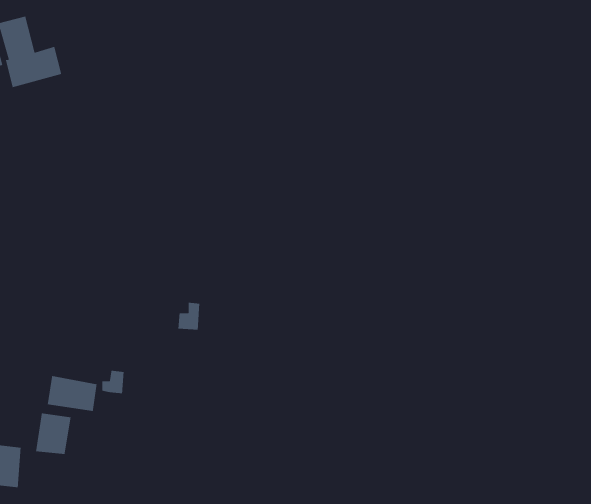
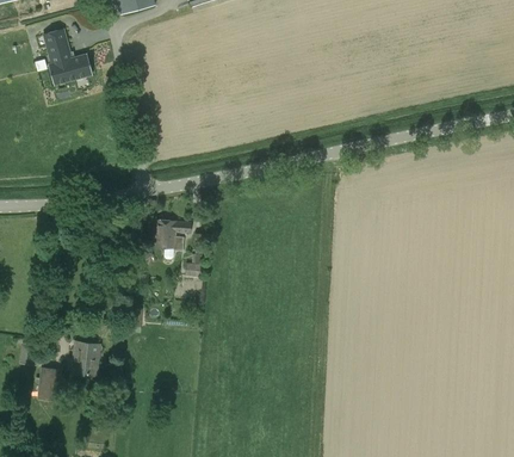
building: none -> [151,221,190,259]
building: [47,375,98,412] -> none

